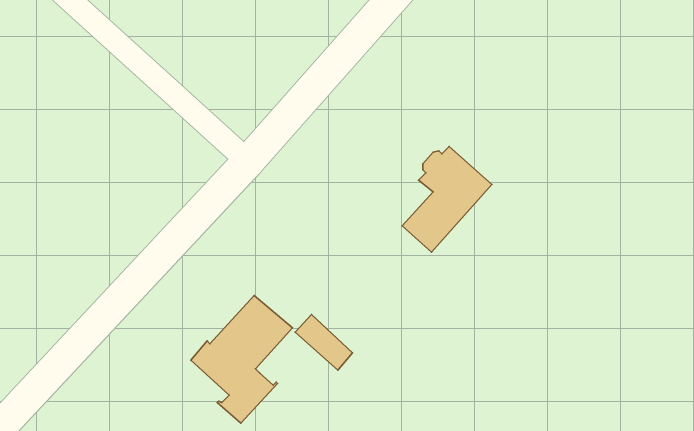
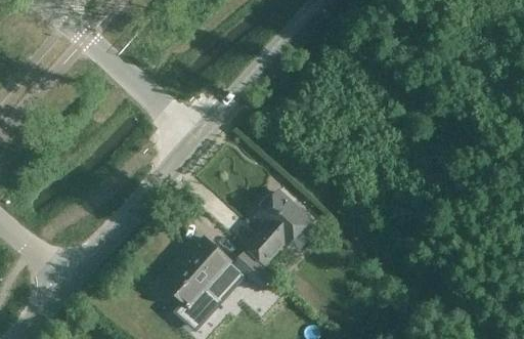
building: [402,146,492,252] -> [250,192,312,265]

